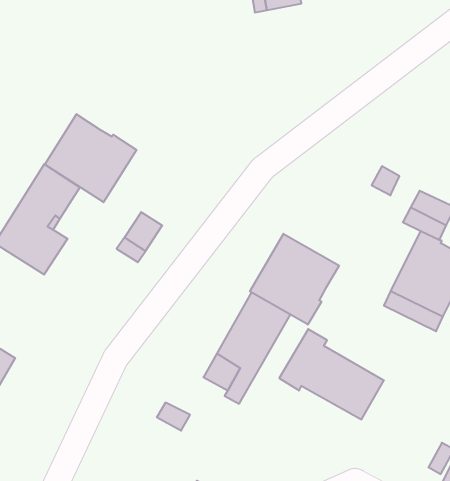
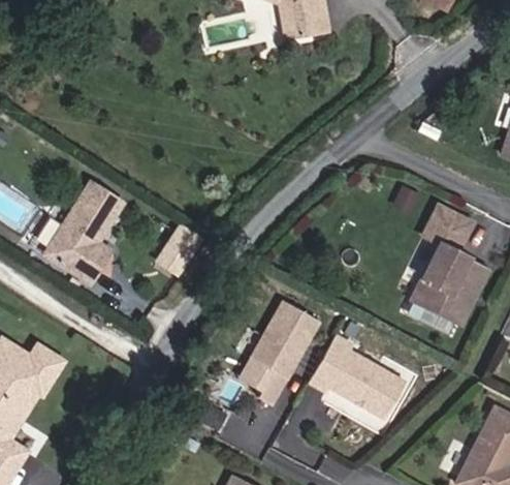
building: [45,114,136,202] -> none
building: [250,234,339,325] -> none

